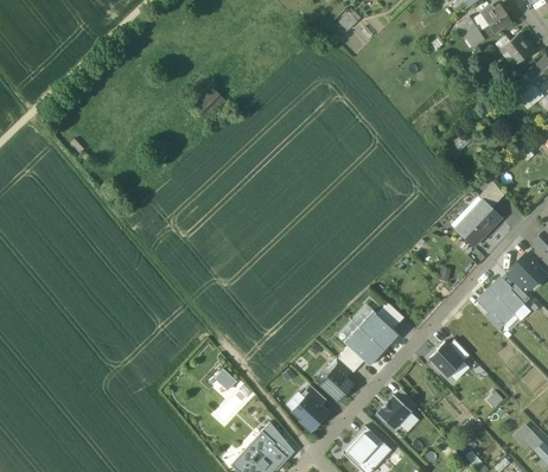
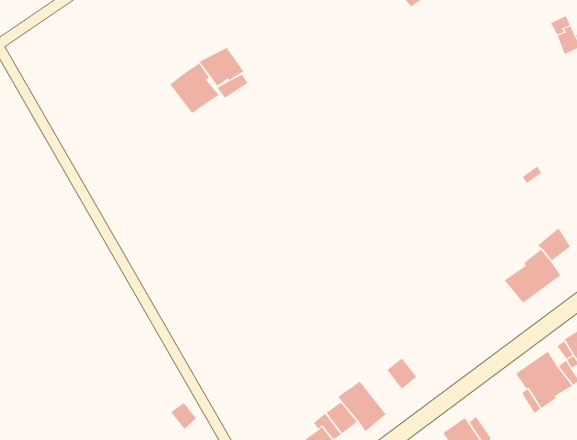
building: none -> [170,63,220,114]
building: [359,311,400,350] -> none

